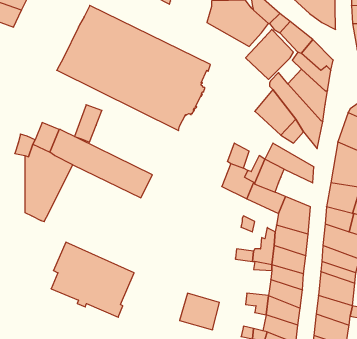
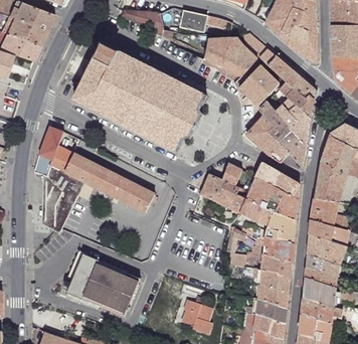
building: [75,105,102,142] -> [38,127,62,160]
building: none -> [200,174,224,201]
building: none -> [263,186,297,219]

